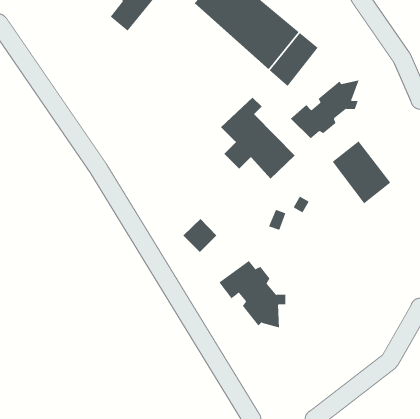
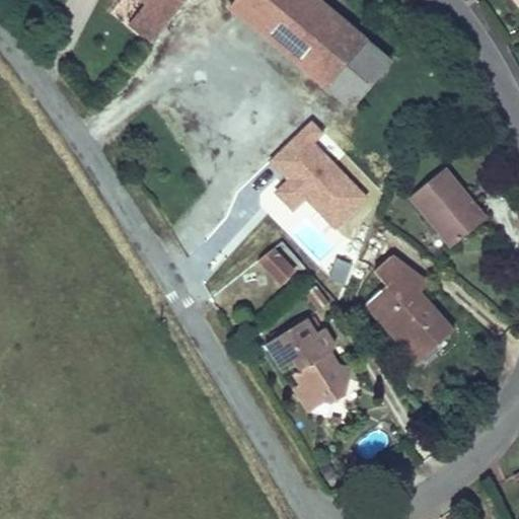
building: [290,79,360,139] -> none
building: none -> [367,254,455,362]
building: [182,218,217,253] -> [255,239,298,282]

